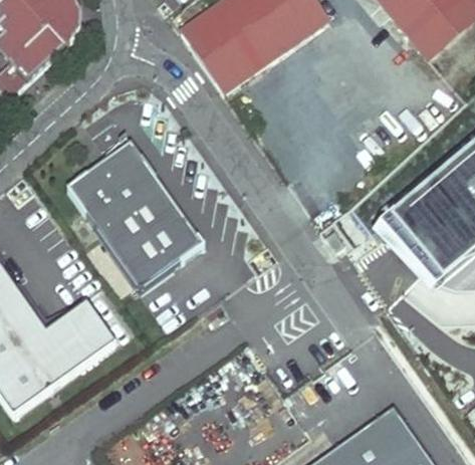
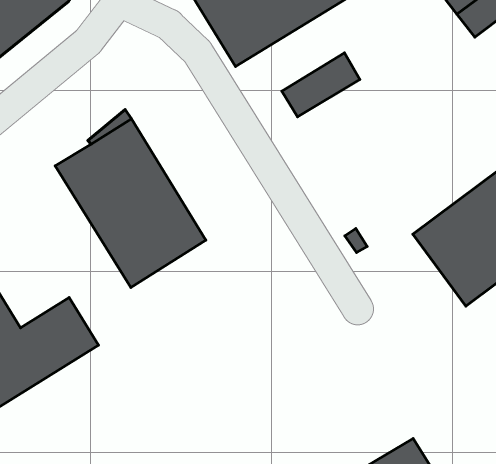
building: none -> [282,53,360,117]

